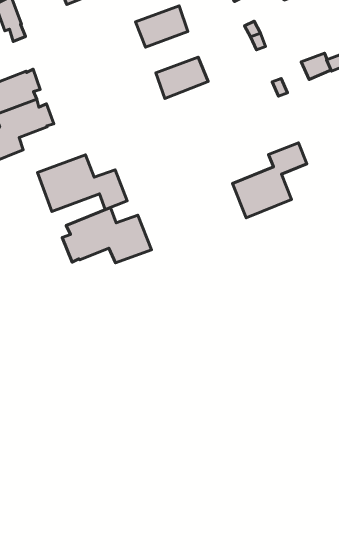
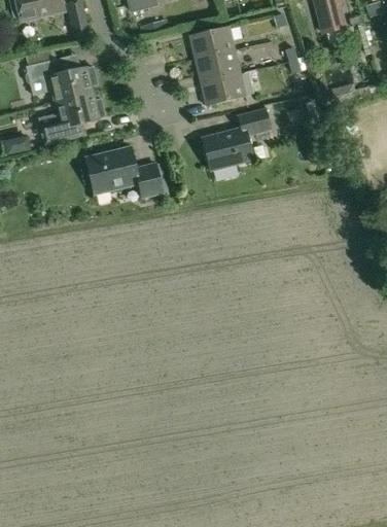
building: none -> [196,48,241,81]
building: [232,143,307,218] -> [204,108,272,169]
building: [62,207,151,263] -> none

